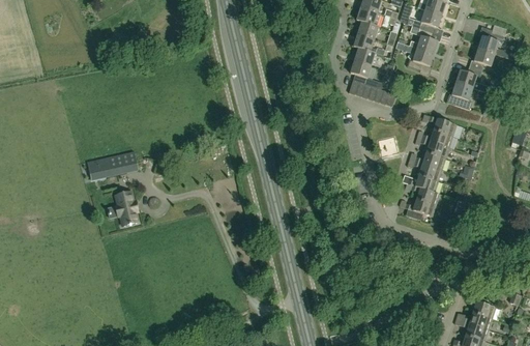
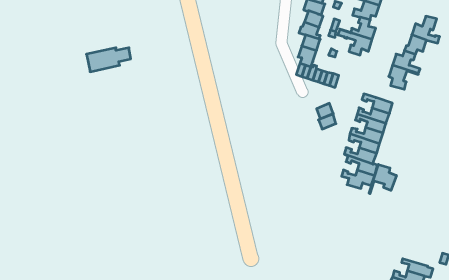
building: [87,154,137,181] -> [86,48,131,72]
building: [114,192,137,226] -> none
building: none -> [369,164,396,194]

